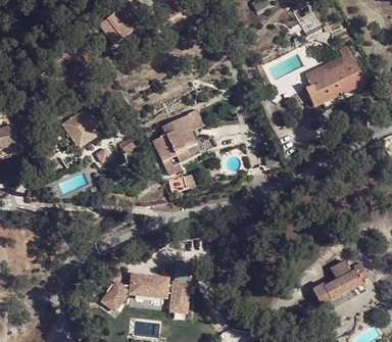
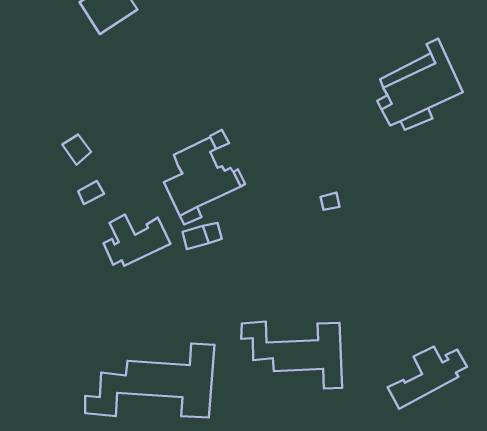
building: [63,112,96,147] -> none
building: none -> [103,215,170,266]
building: none -> [241,322,342,388]

